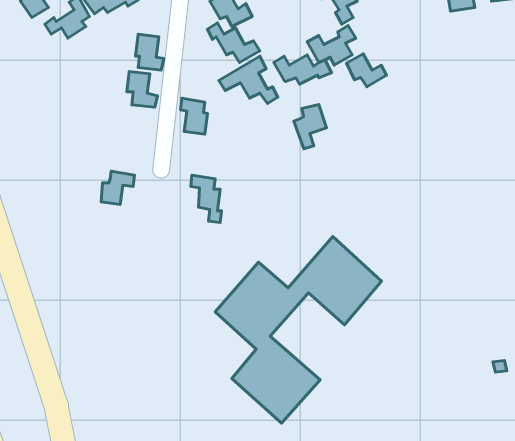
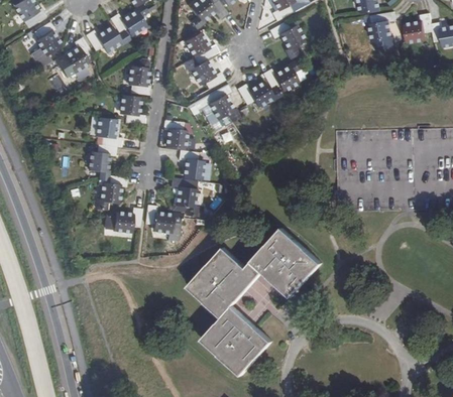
building: [347,54,386,87] -> none
building: none -> [87,120,119,181]
building: [294,105,327,149] -> none
building: none -> [177,150,201,178]
building: none -> [143,205,179,232]
building: none -> [112,208,140,231]

